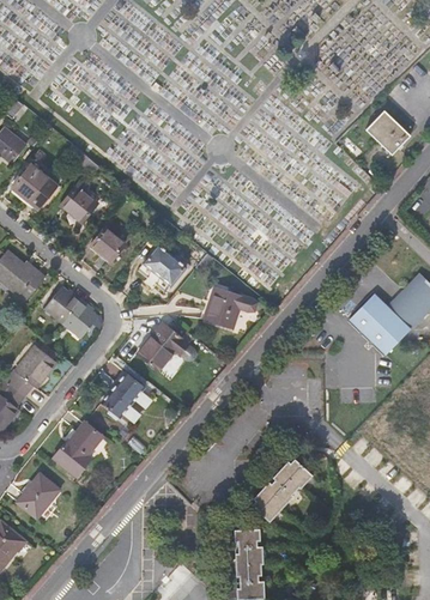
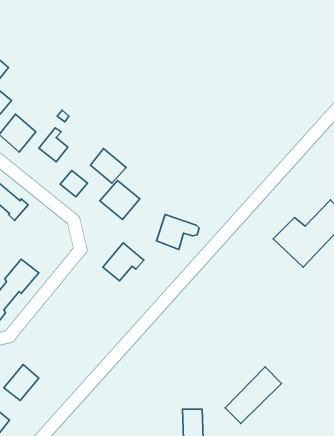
building: [364,113,410,158] -> none
building: none -> [90,149,126,183]
building: [43,292,93,340] -> none
building: [104,374,146,417] -> none
building: [54,419,104,474] -> none
building: [246,453,315,522] -> [225,367,282,423]

